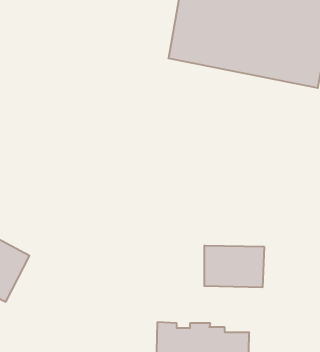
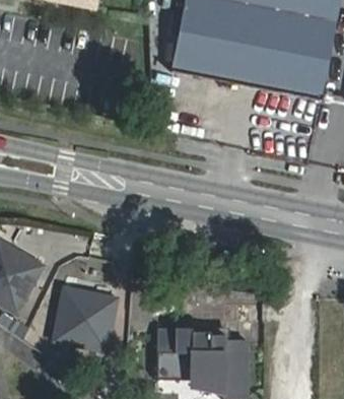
building: [204,245,264,287] -> none
building: none -> [60,288,121,350]

